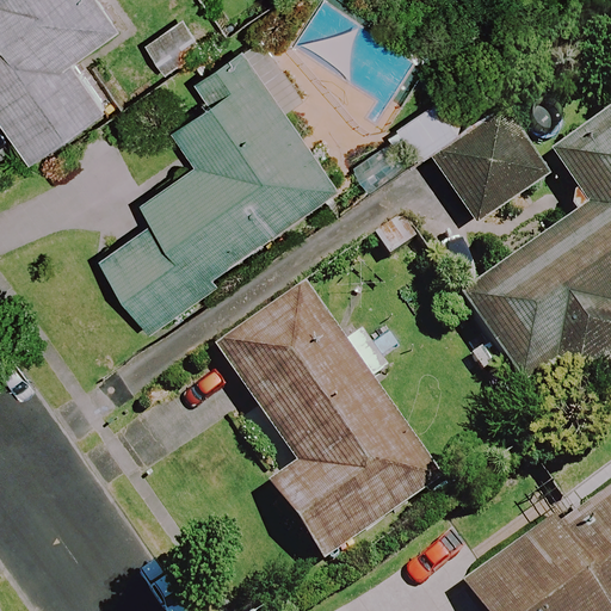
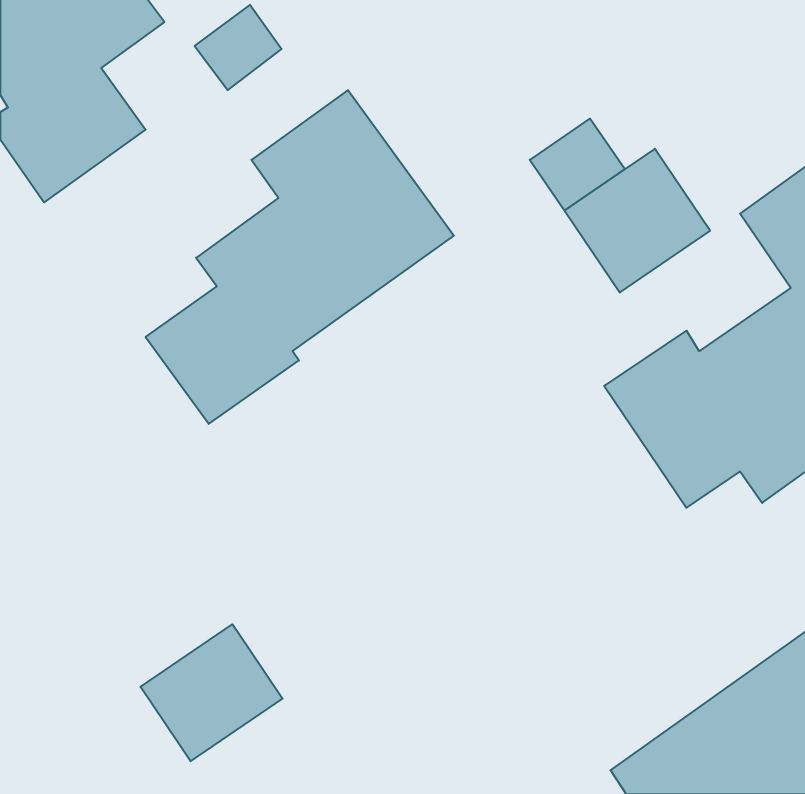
building: [217,285,437,556] -> none
building: none -> [140,624,283,761]

